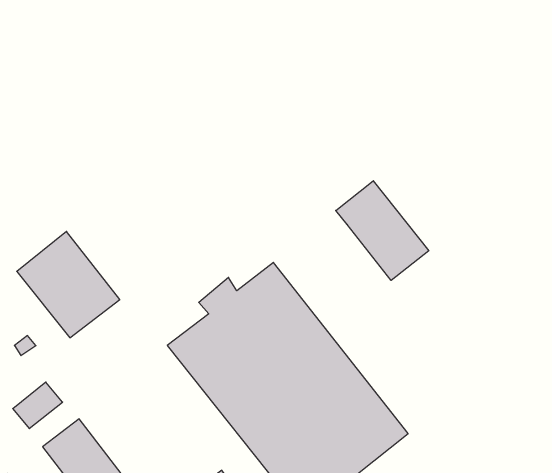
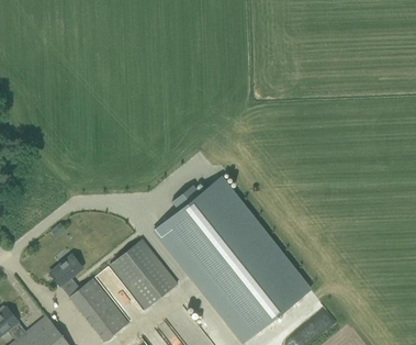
building: [336,181,429,280] -> none
building: [17,231,120,338] -> [110,238,178,309]

